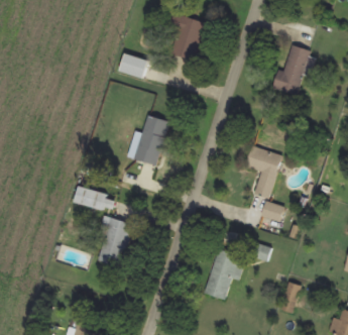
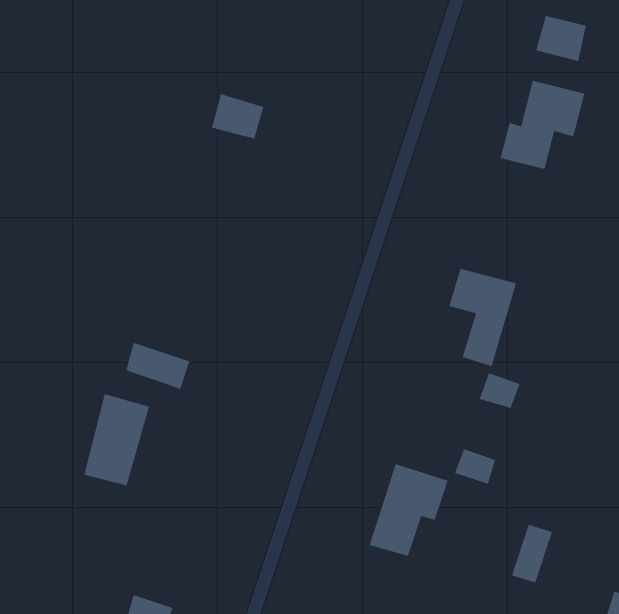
building: none -> [535,15,587,62]
building: [168,13,205,60] -> none
building: [134,114,171,164] -> none
building: [98,216,133,265] -> [83,393,150,486]

